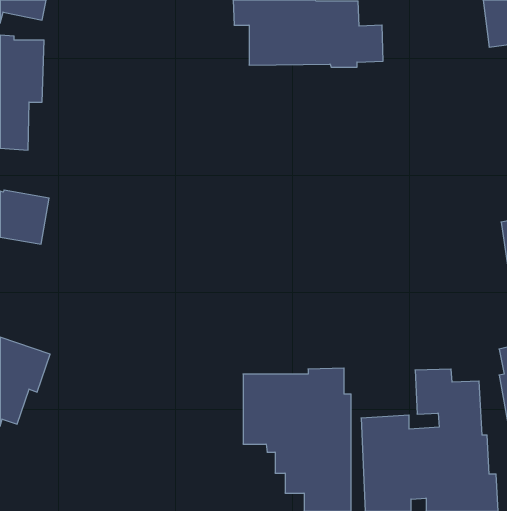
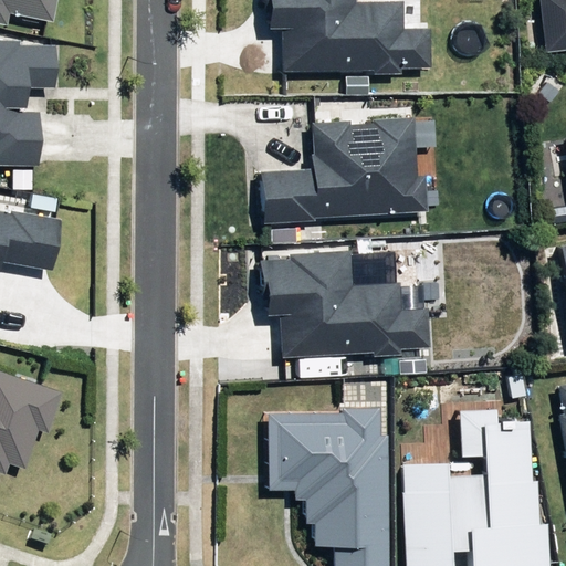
building: none -> [259,117,424,223]
building: none -> [259,251,427,358]

